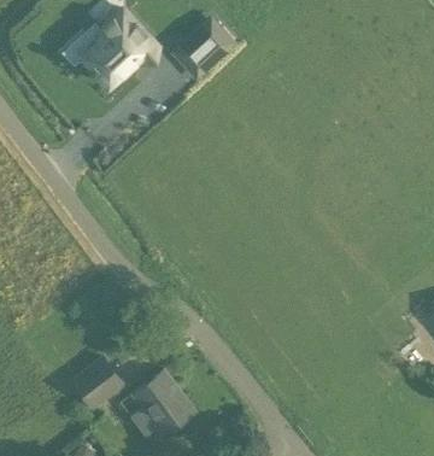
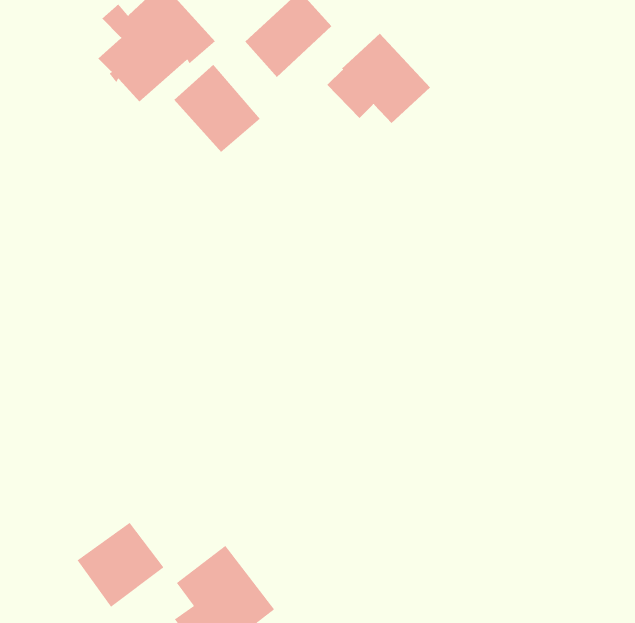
building: none -> [326,33,431,124]
building: none -> [174,64,261,153]

